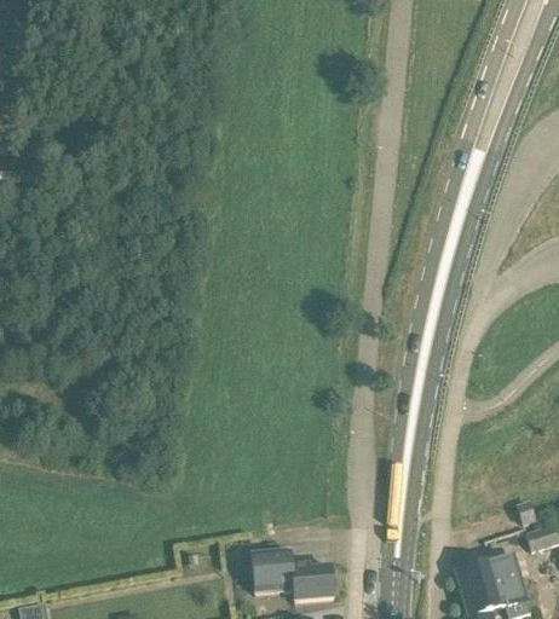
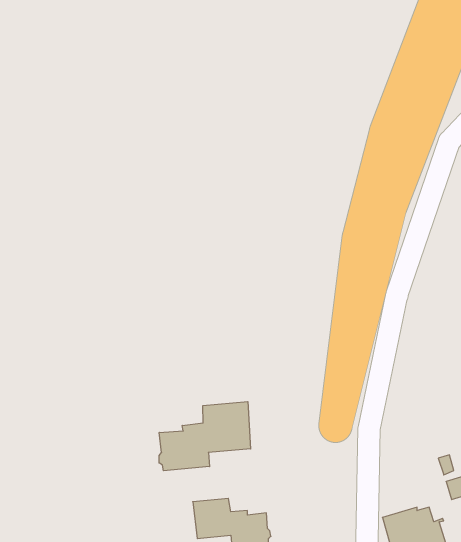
building: none -> [159,402,251,471]

